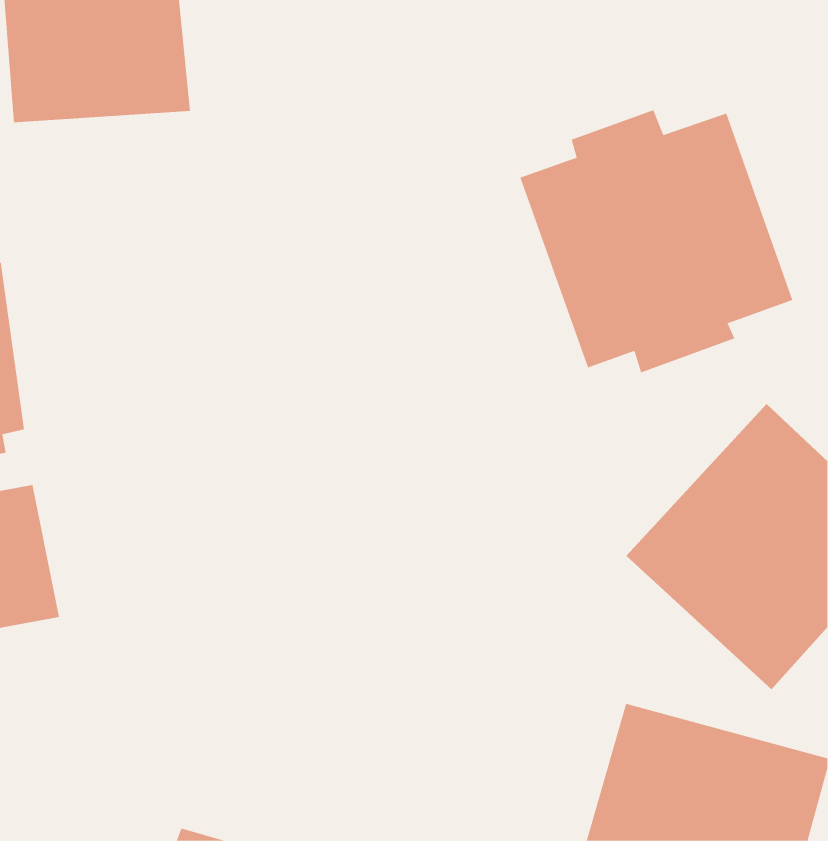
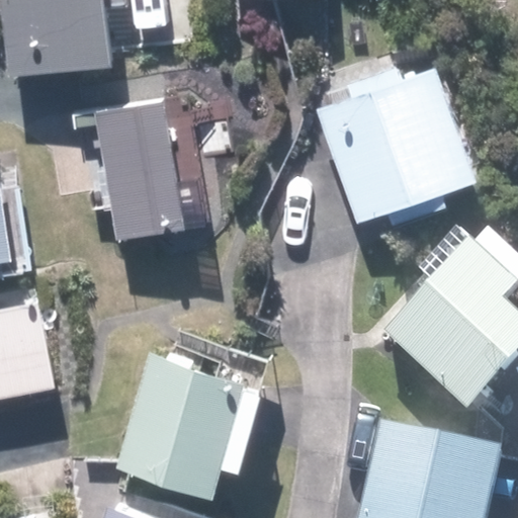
building: none -> [95,97,204,238]
building: none -> [116,352,252,498]

